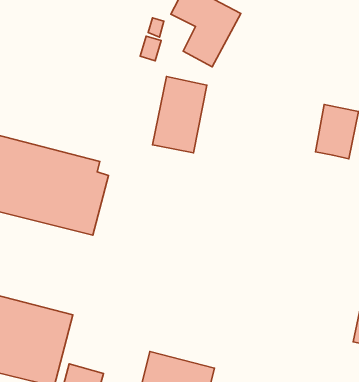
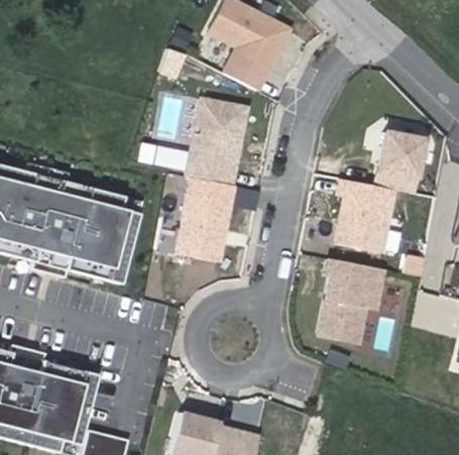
building: none -> [177,178,234,263]
building: none -> [335,179,393,252]
building: none -> [321,260,385,342]

